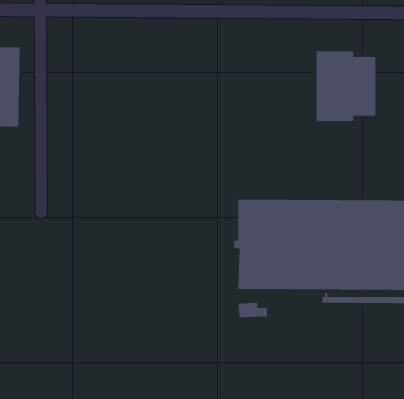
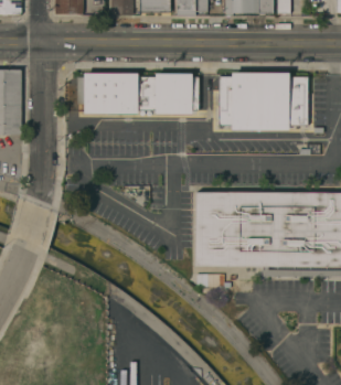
building: none -> [84,73,198,114]
building: none -> [219,73,258,130]

